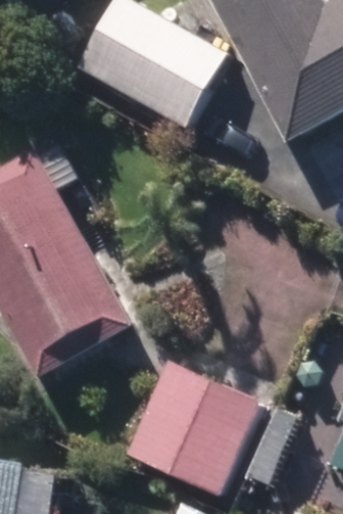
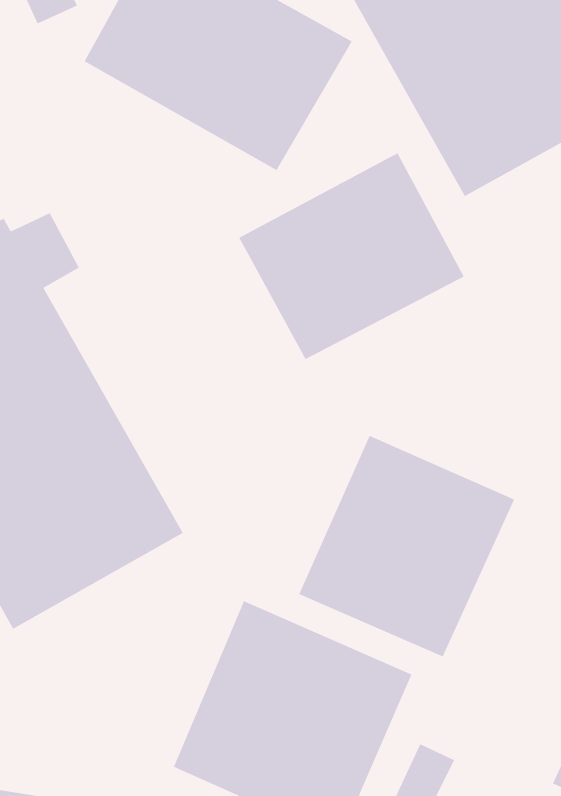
building: none -> [238,152,465,360]
building: none -> [298,435,515,657]

